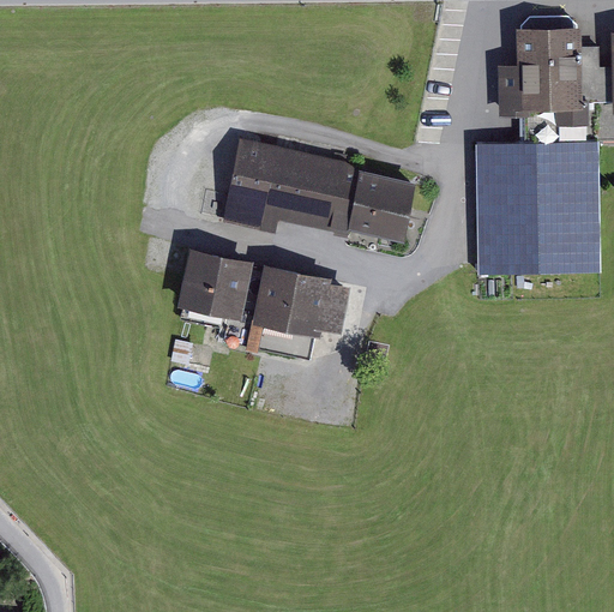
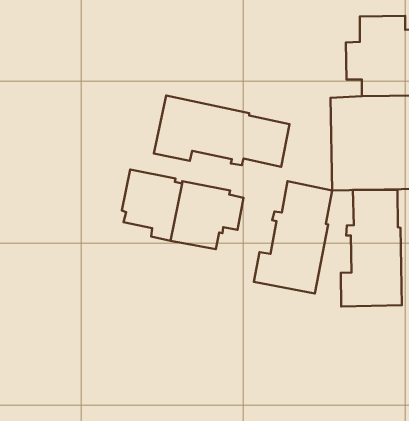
building: none -> [254,181,332,293]
building: none -> [341,190,402,307]

